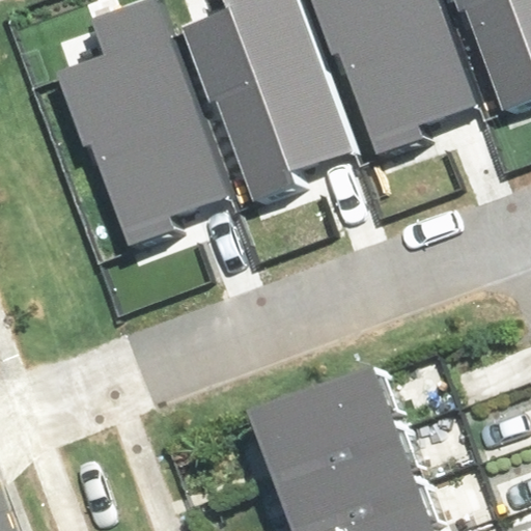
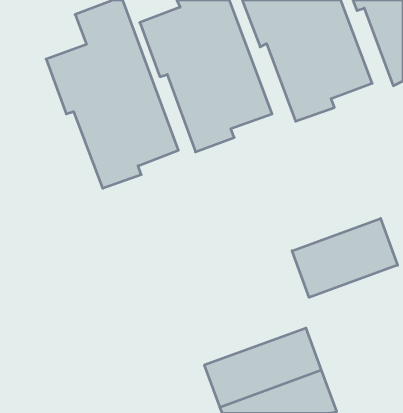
building: none -> [292,218,398,297]
building: [243,367,393,469] -> none

